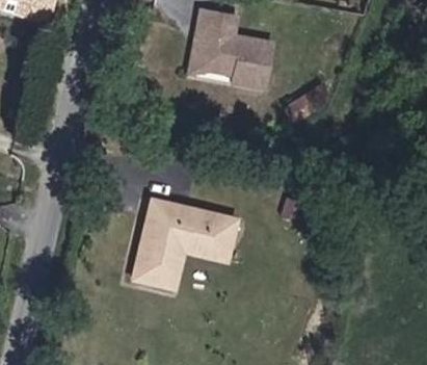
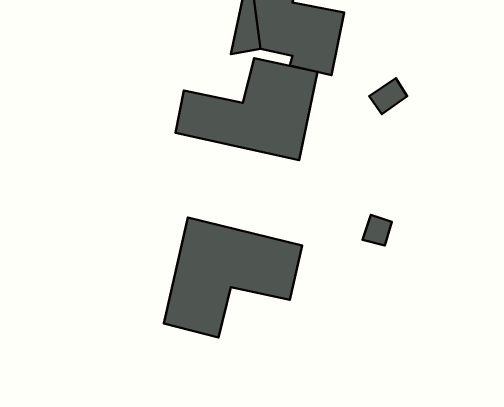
building: none -> [176,58,318,160]

